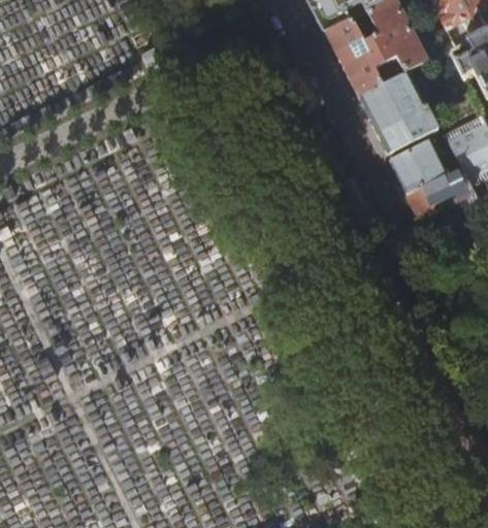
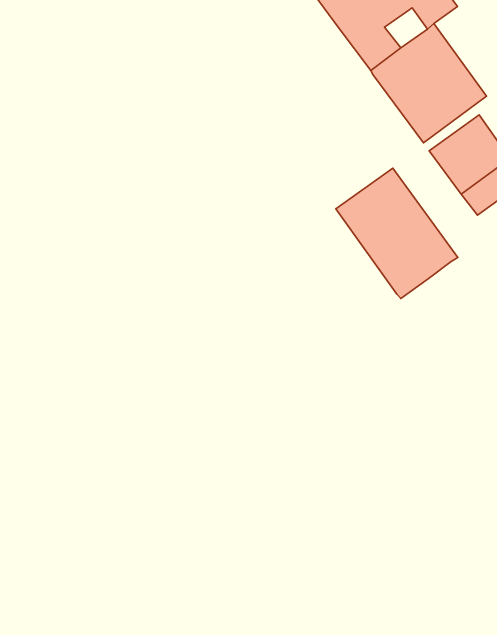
building: none -> [336,168,458,298]

